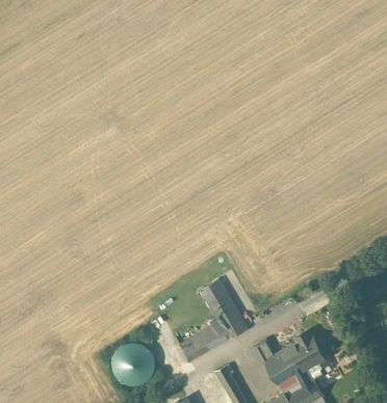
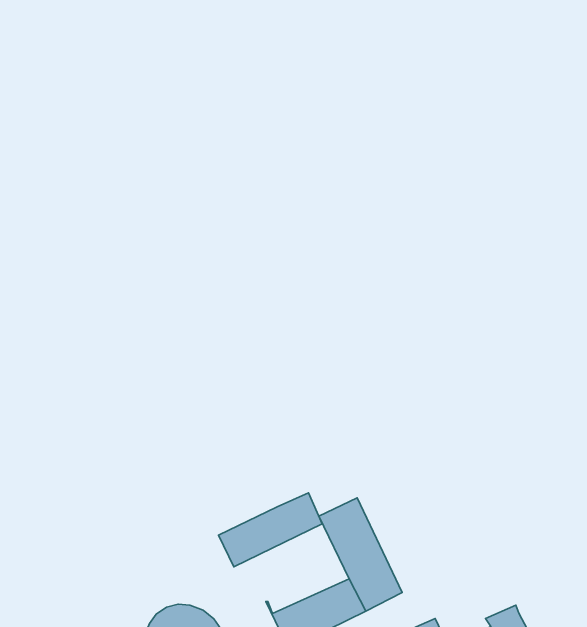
building: none -> [219,493,322,567]

